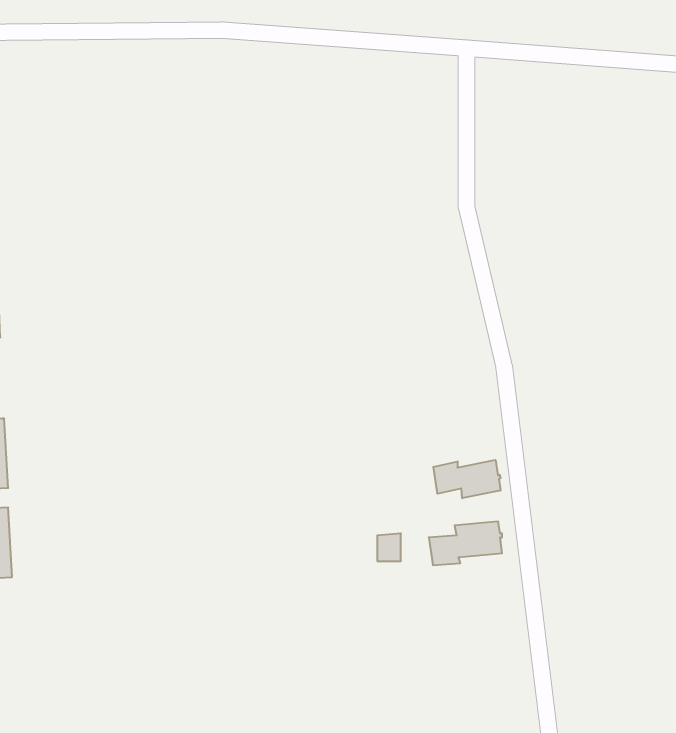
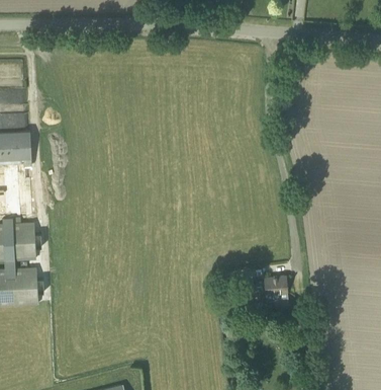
building: [433,460,501,498] -> none

